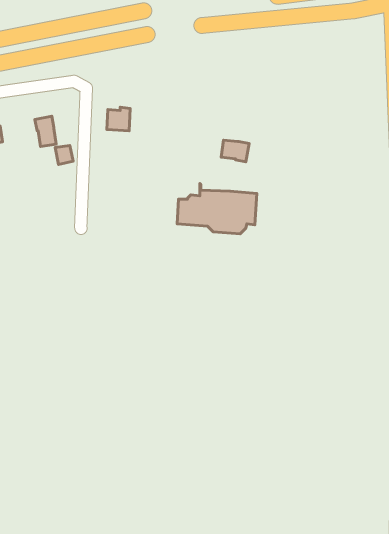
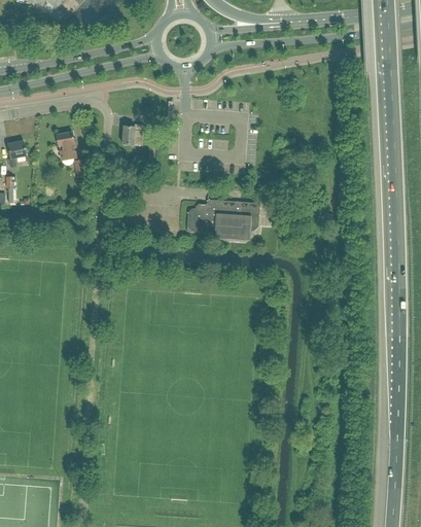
building: [221,140,249,162] -> none

